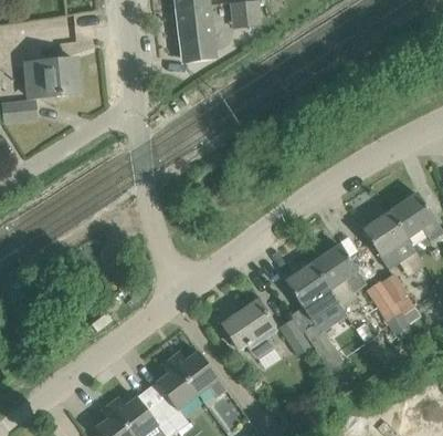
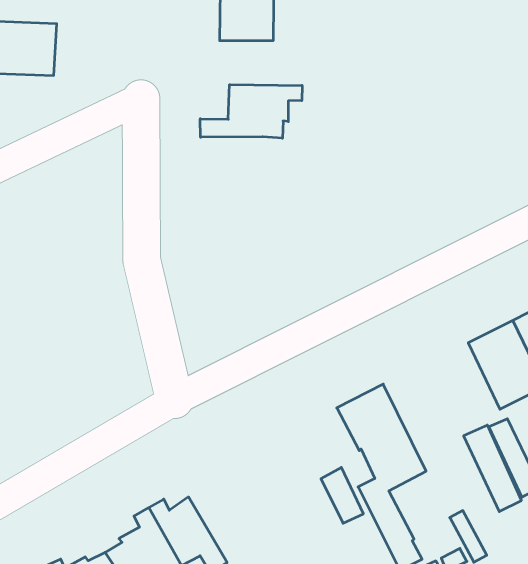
building: none -> [200,85,302,138]
building: [312,245,365,314] -> none
building: [221,299,276,357] -> none

